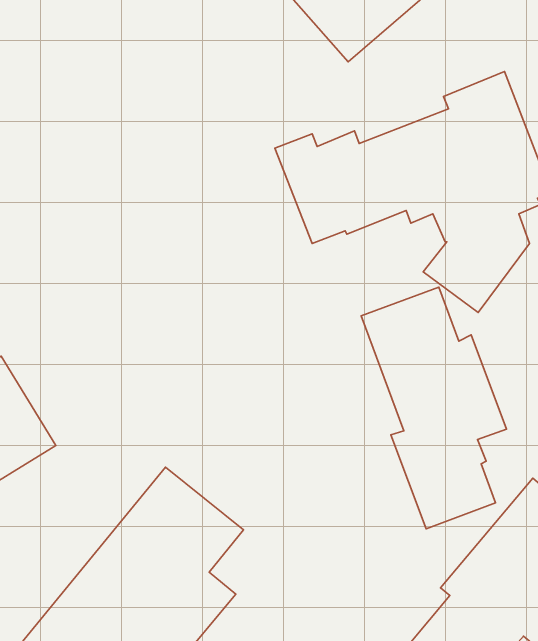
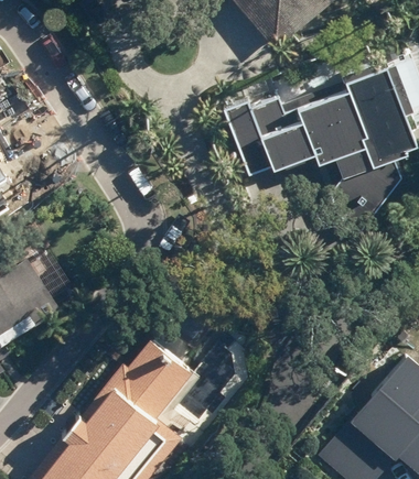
building: [361,287,506,529] -> none

